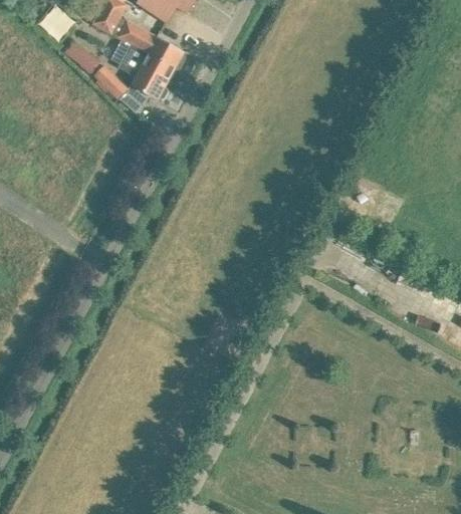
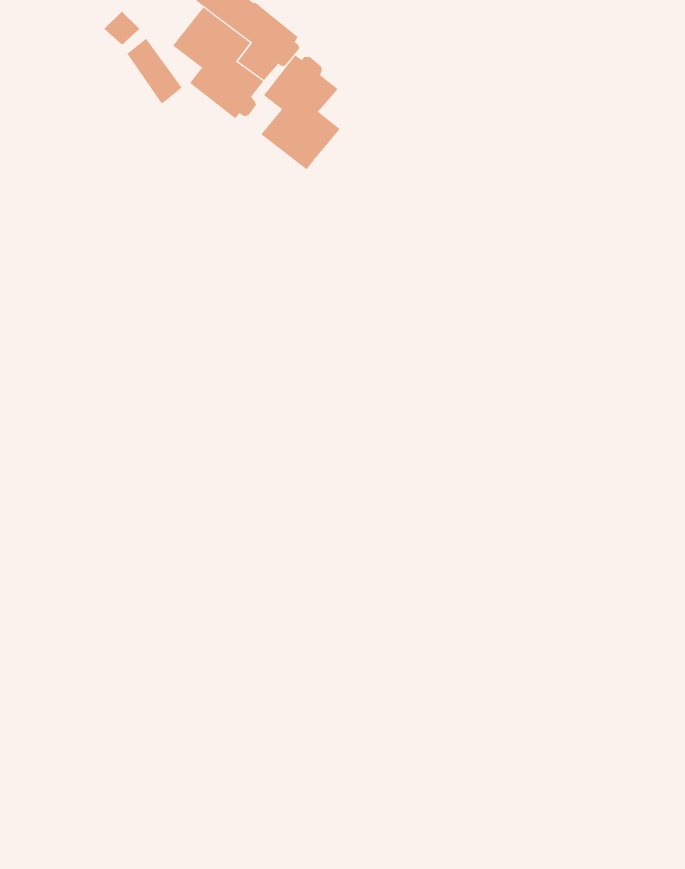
building: none -> [260,55,340,170]

